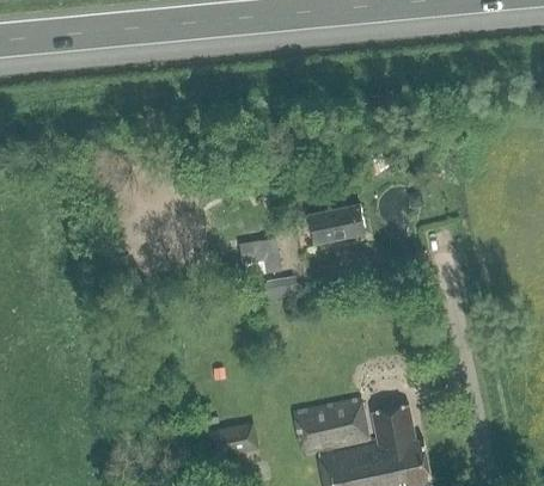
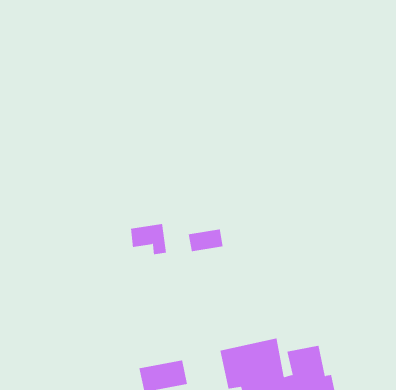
building: [310,205,369,244] -> none
building: [239,238,281,273] -> [130,223,167,255]

